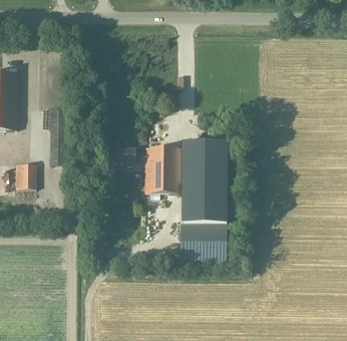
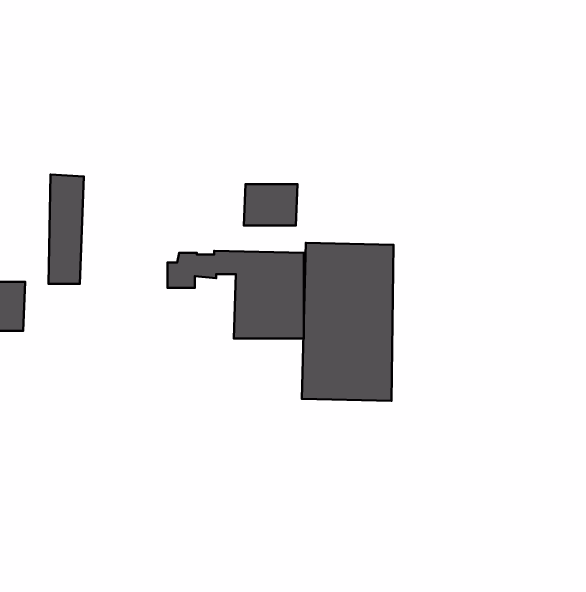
building: none -> [244,184,298,225]
building: [179,223,226,262] -> none

